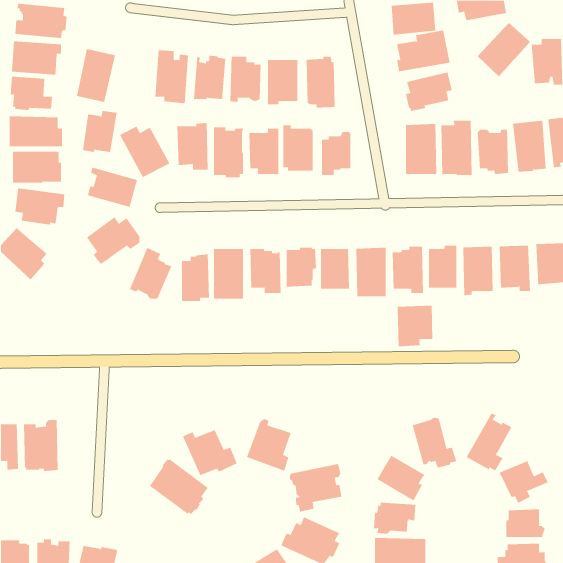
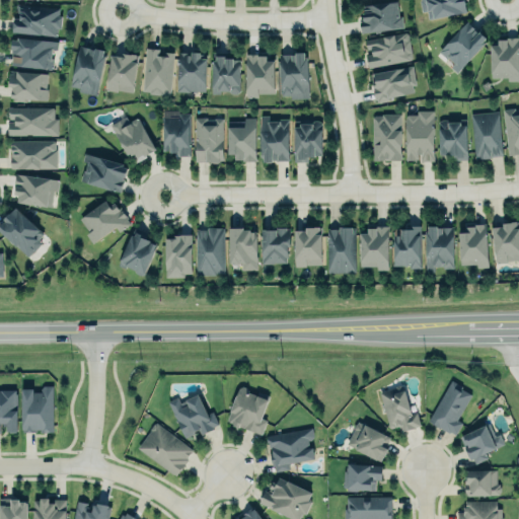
building: [82,110,117,152] -> [107,54,140,92]
building: [397,305,433,347] -> none

